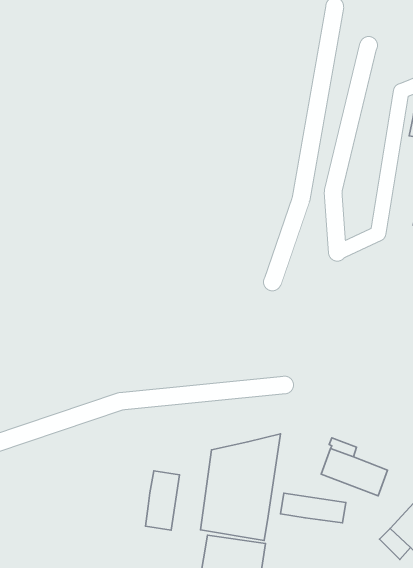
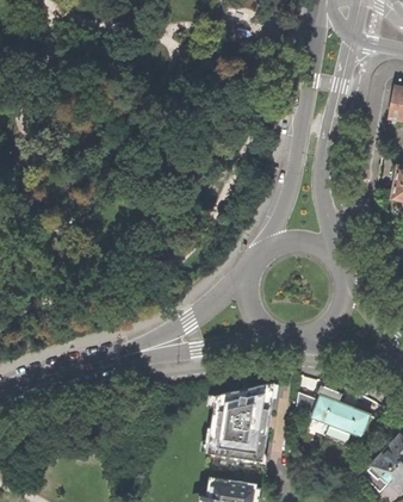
building: [146,471,179,530] -> none
building: [280,493,346,523] -> none

